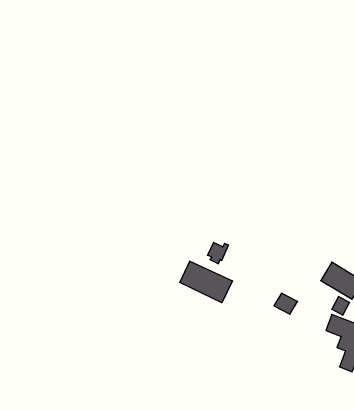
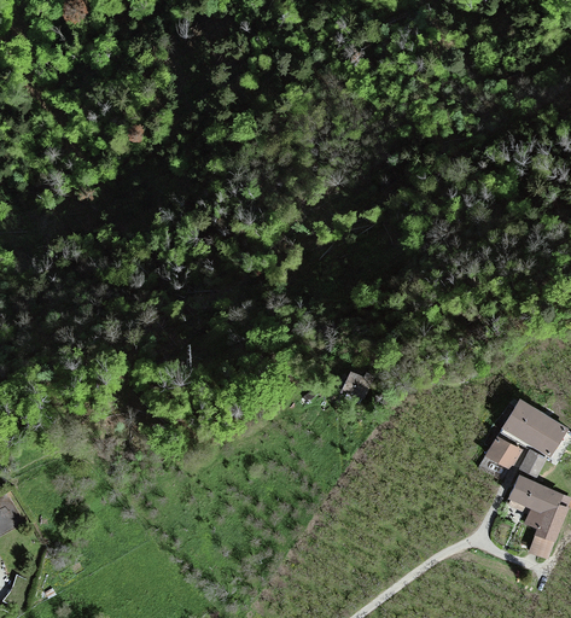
building: [180,261,233,303] -> none
building: [274,293,298,314] -> [485,439,519,470]

